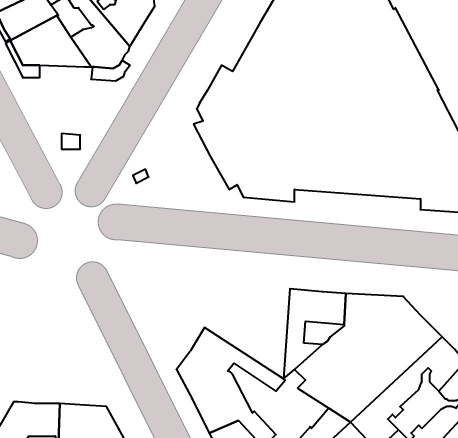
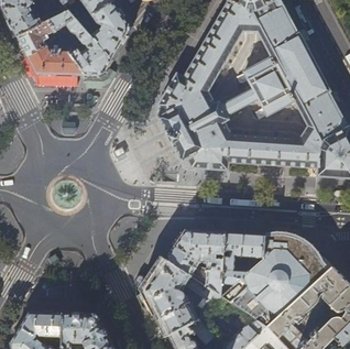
building: none -> [163,229,223,295]

